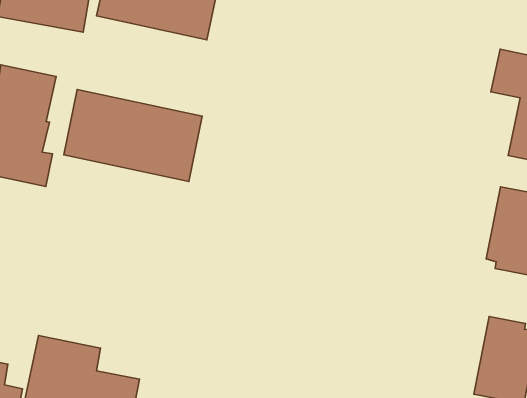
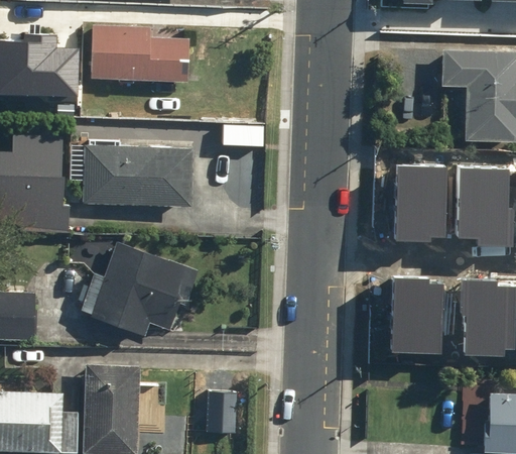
building: none -> [398,169,447,242]
building: none -> [82,242,197,337]
building: none -> [397,278,443,349]

